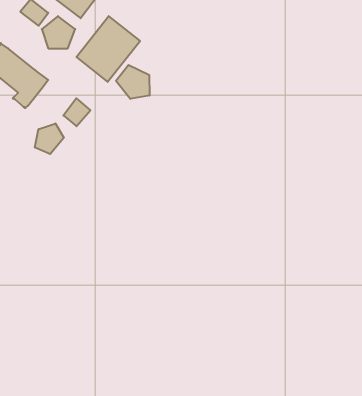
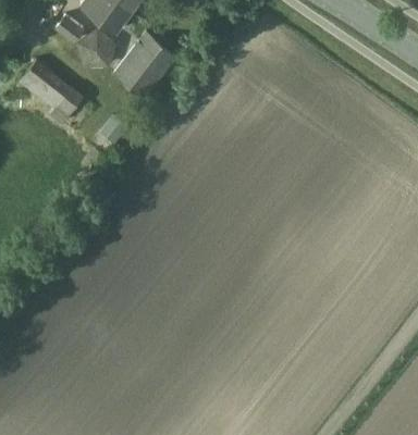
building: [116,65,150,99] -> none
building: [35,123,64,154] -> none

